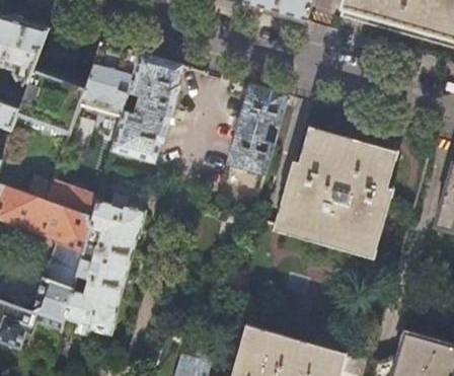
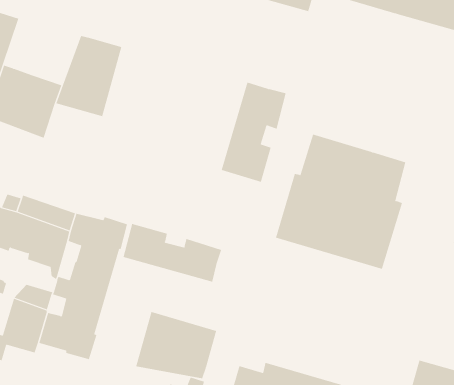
building: [111,52,181,160] -> none
building: none -> [123,223,222,283]
building: none -> [136,311,217,379]

